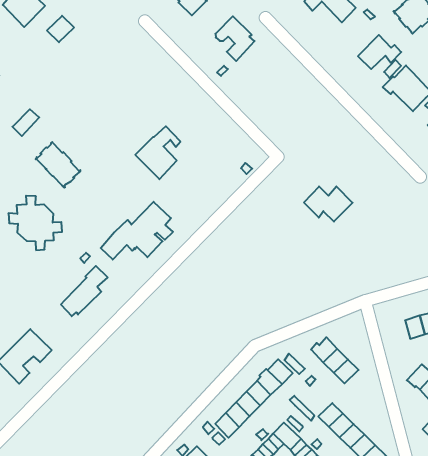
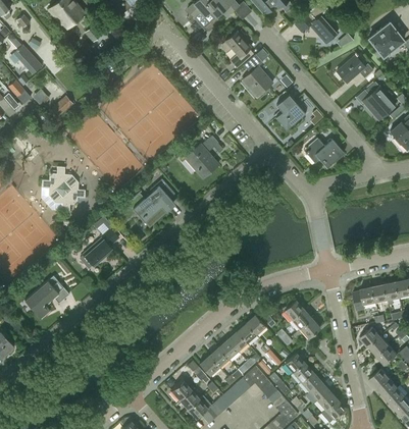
building: none -> [243,54,274,97]
building: none -> [276,94,306,129]
building: [135,126,180,179] -> [186,136,223,178]
building: [36,142,80,188] -> none
building: [304,186,353,222] -> [305,138,345,167]

